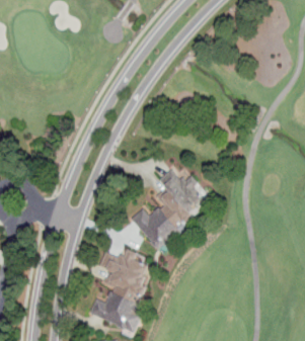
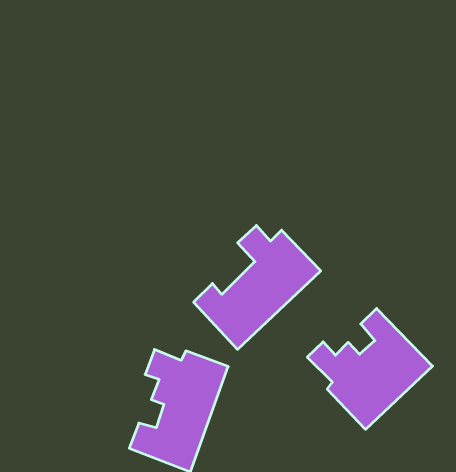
building: none -> [307,308,433,429]

